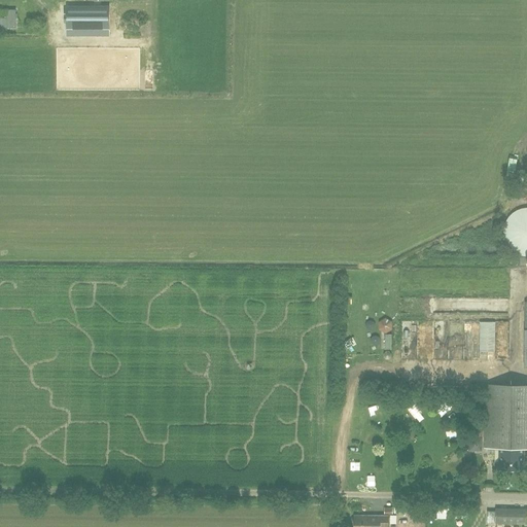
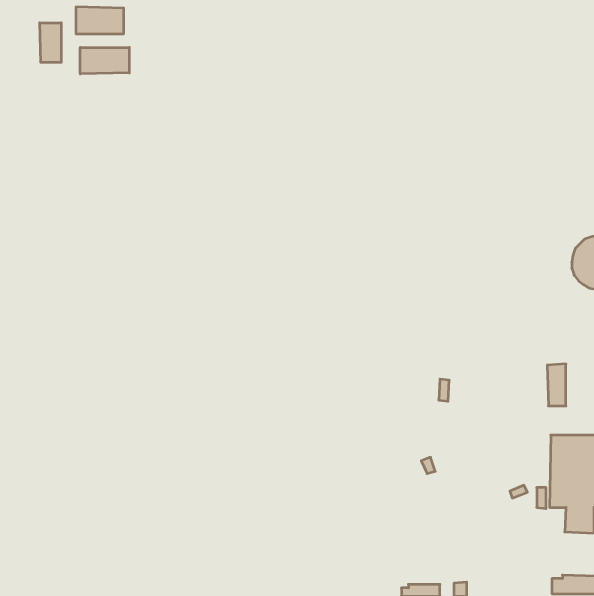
building: none -> [40,23,61,62]
building: none -> [80,47,129,74]

